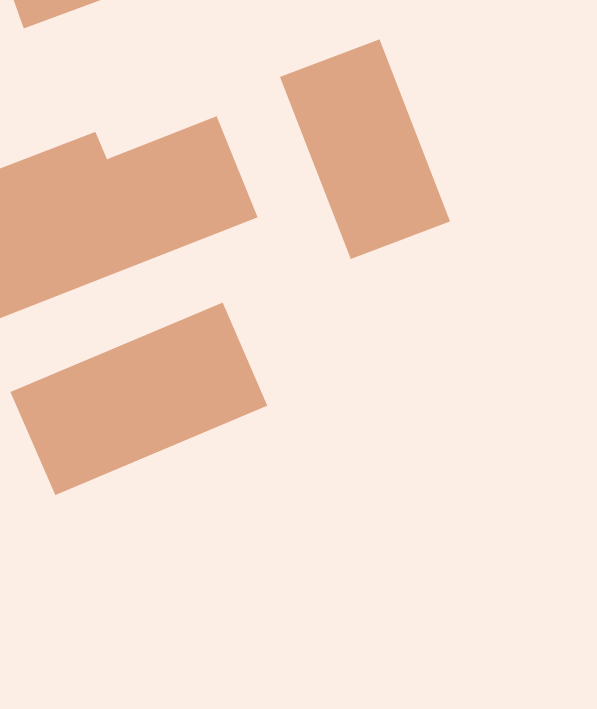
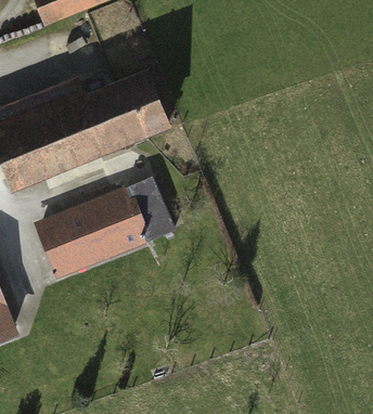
building: [279,38,451,260] -> none

